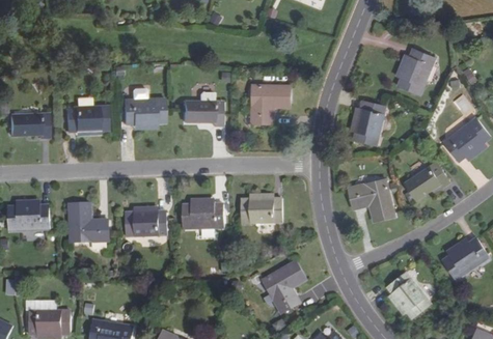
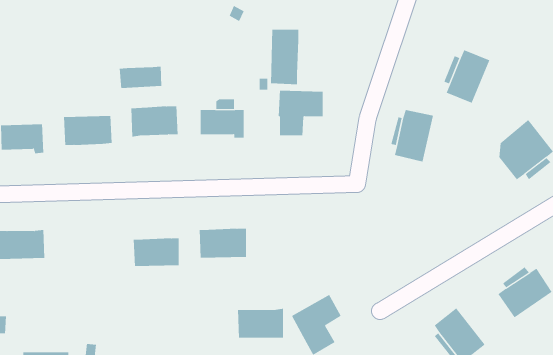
building: none -> [270,29,299,85]
building: none -> [119,66,162,89]
building: [405,163,449,200] -> none
building: [348,180,394,222] -> none
building: [242,197,282,223] -> [237,308,284,338]
building: [70,203,109,242] -> none

